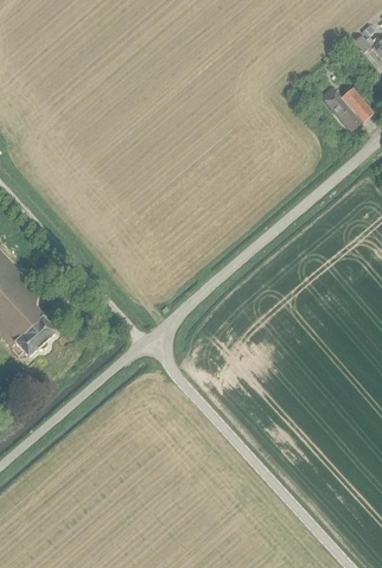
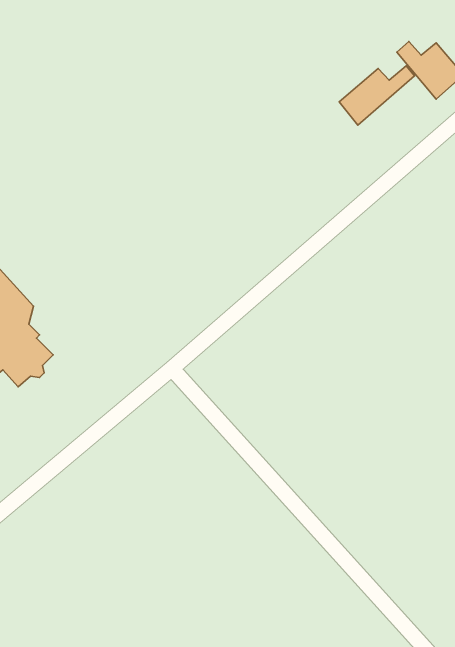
building: none -> [339,66,415,125]

